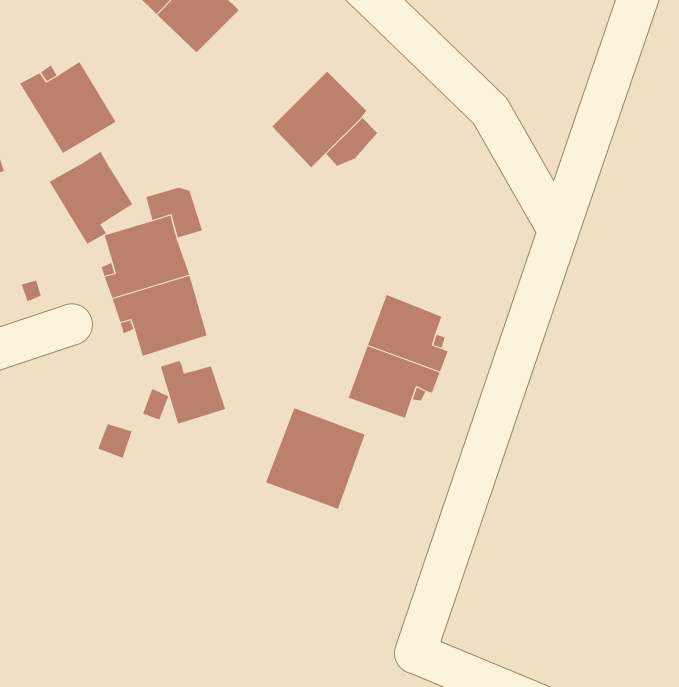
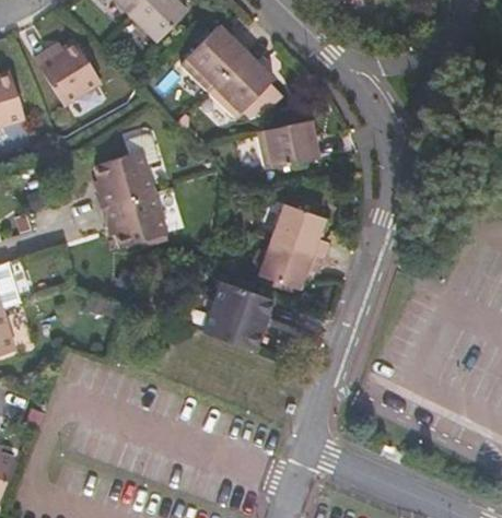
building: none -> [182,26,246,90]
building: [49,151,133,244] -> none
building: none -> [254,120,316,168]
building: [160,360,226,424] -> none

